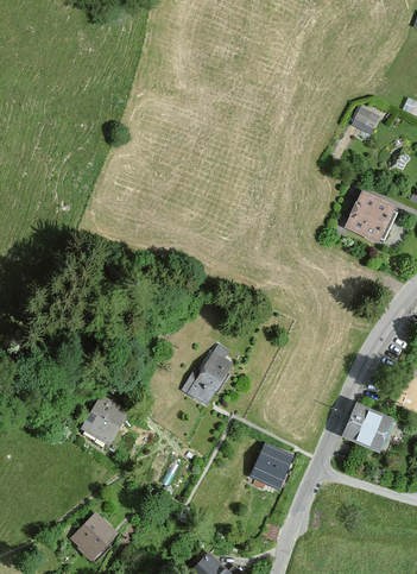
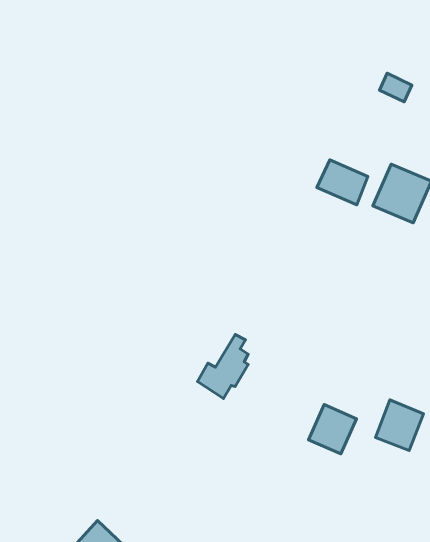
building: none -> [317,160,368,205]
building: [77,392,128,444] -> none
building: [251,442,295,487] -> [308,405,357,454]

